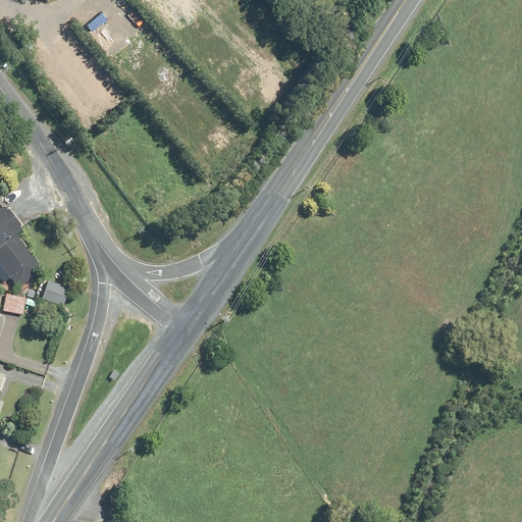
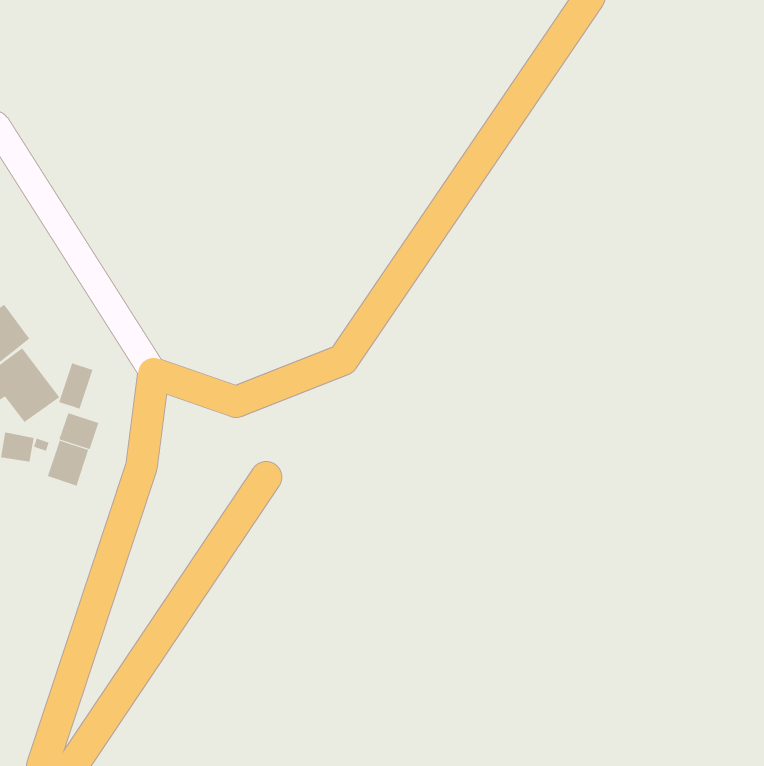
building: none -> [58,362,93,410]
building: none -> [47,440,89,486]

